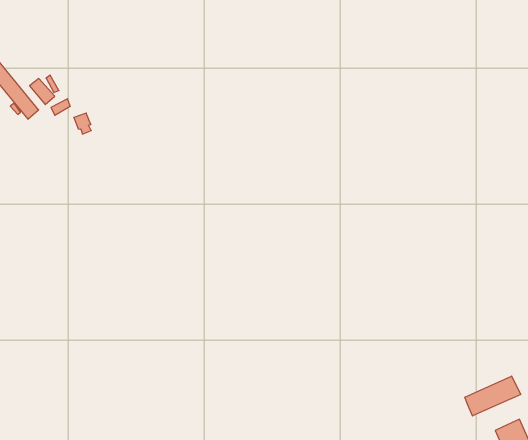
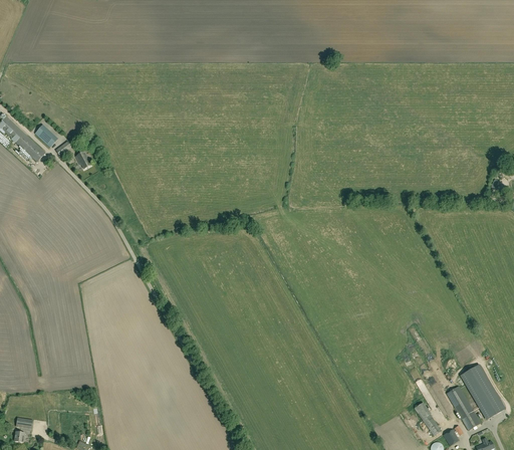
building: [465,376,521,416] -> none

